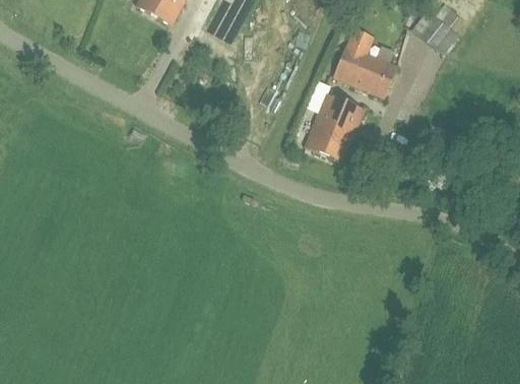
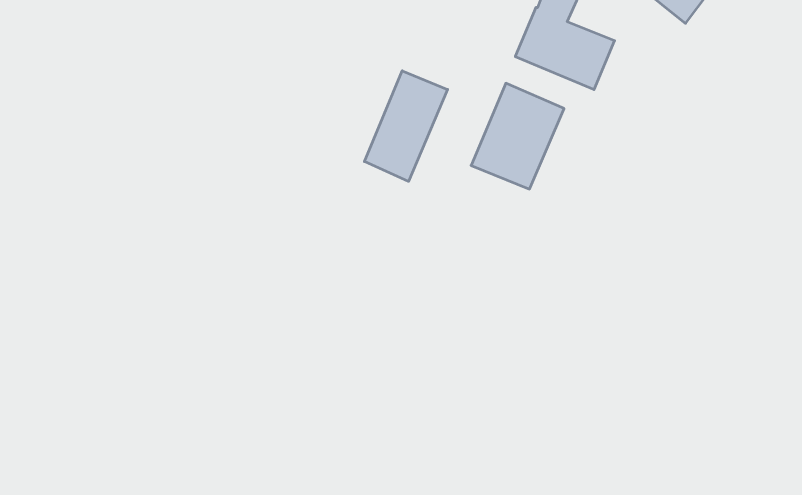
building: none -> [364,71,448,181]

